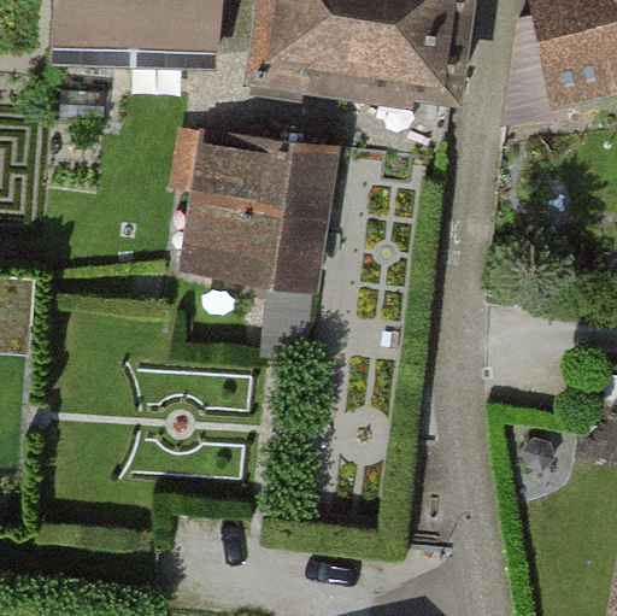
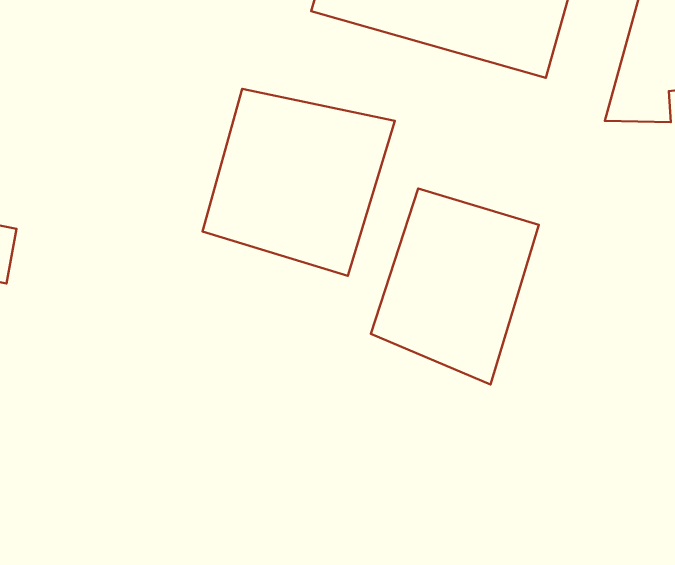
building: none -> [371,189,539,385]

